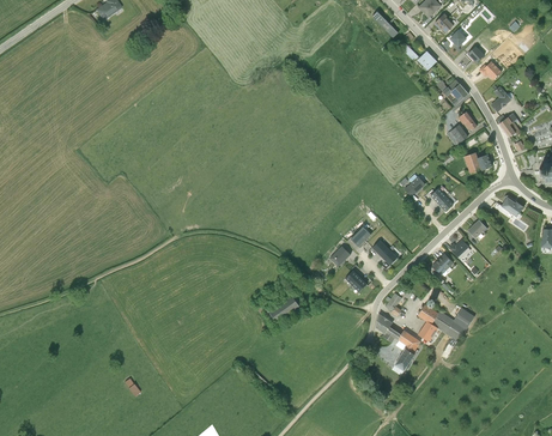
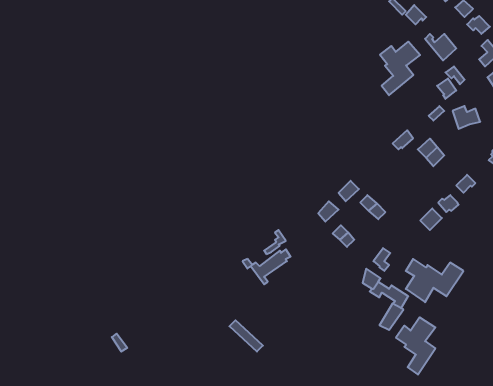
building: none -> [380,42,420,95]
building: none -> [396,317,435,375]

